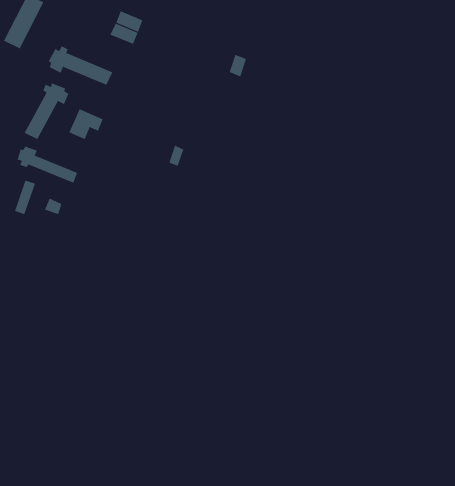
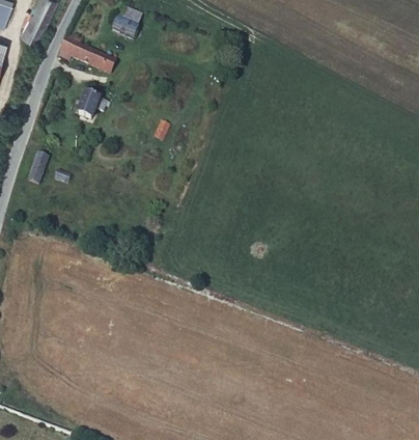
building: [24,82,69,140] -> none
building: [17,146,78,184] -> none

